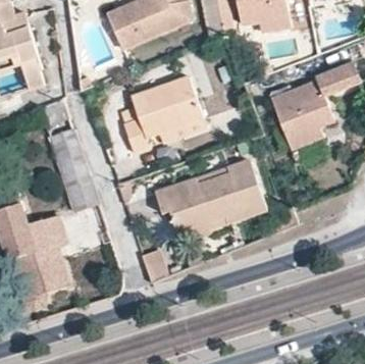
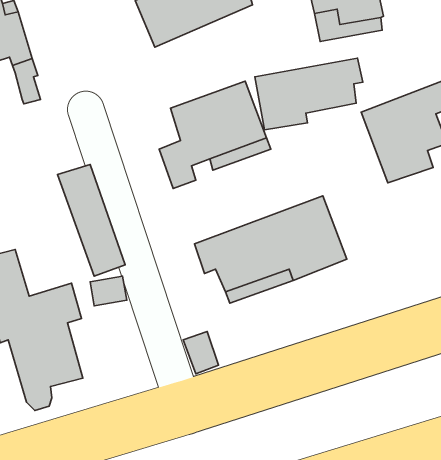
building: none -> [255,58,363,130]

